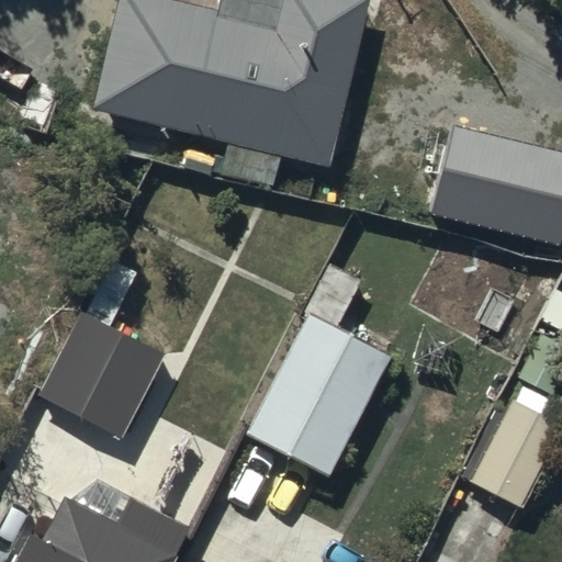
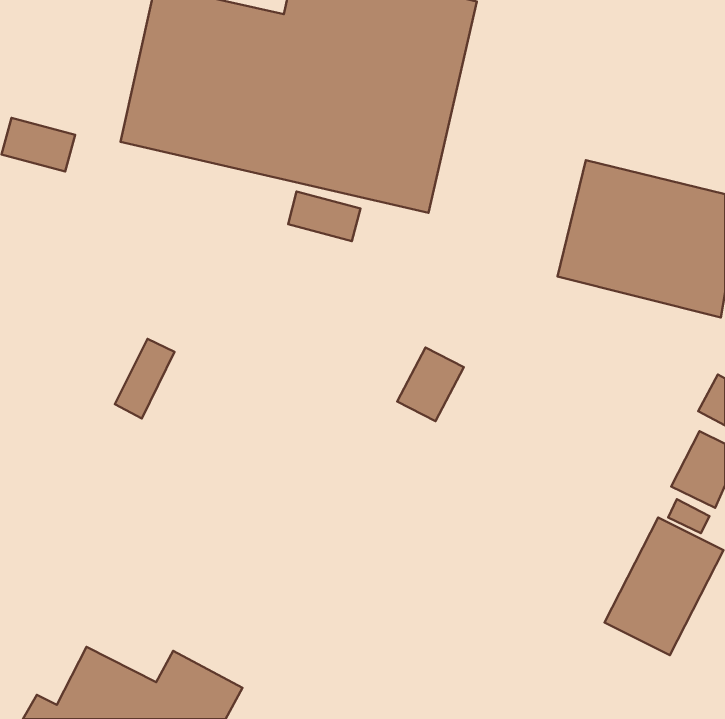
building: [40,315,164,438] -> none
building: [248,316,389,476] -> none

